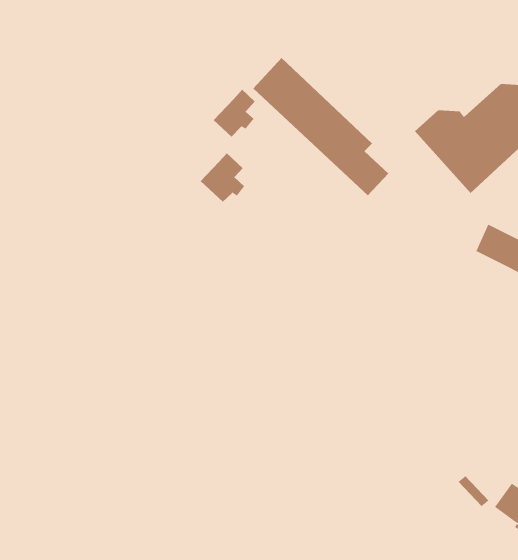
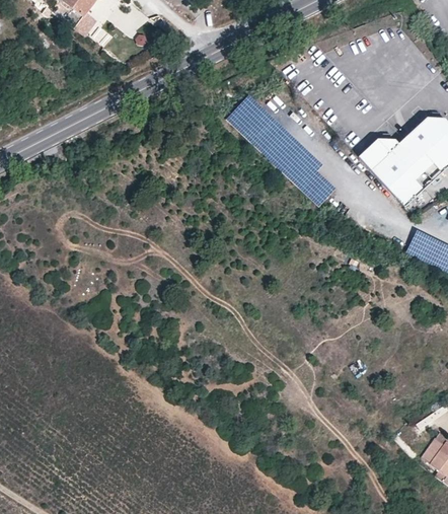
building: [213,89,255,137] -> none
building: [200,152,245,203] -> none

